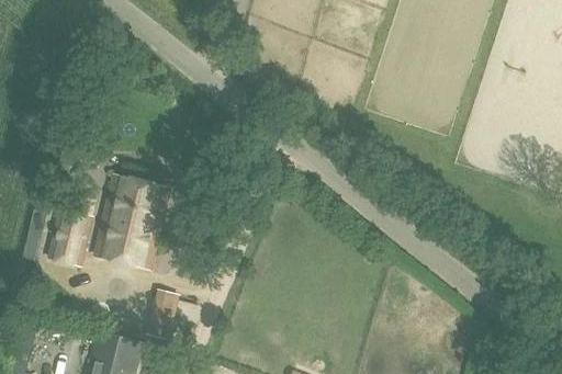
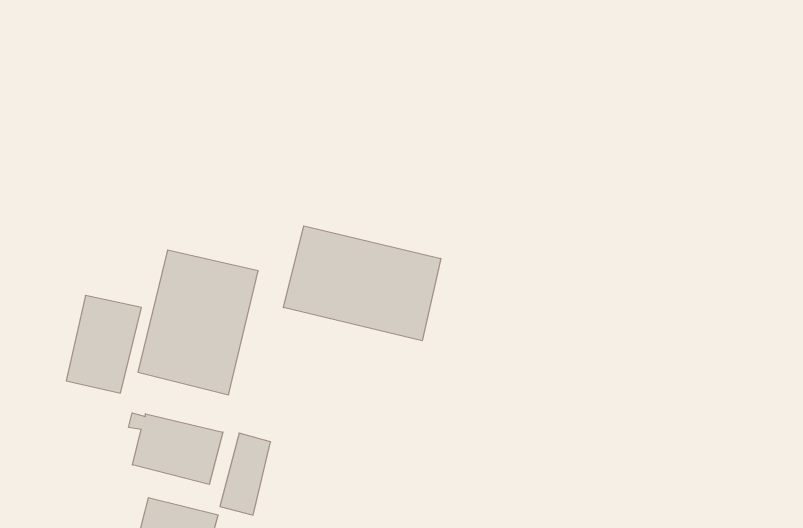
building: none -> [283,226,441,341]
building: none -> [129,413,223,484]

